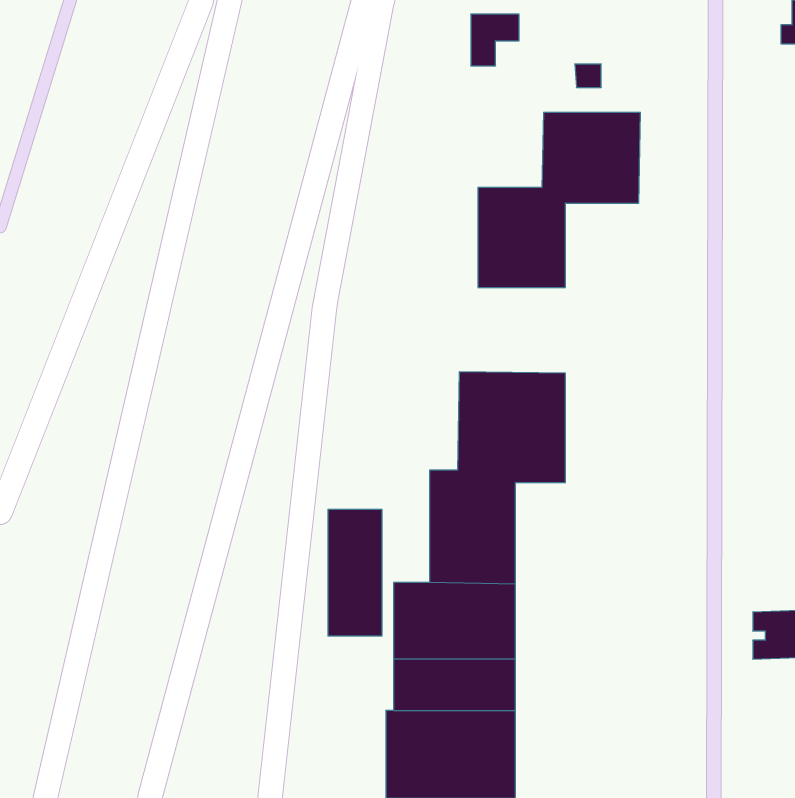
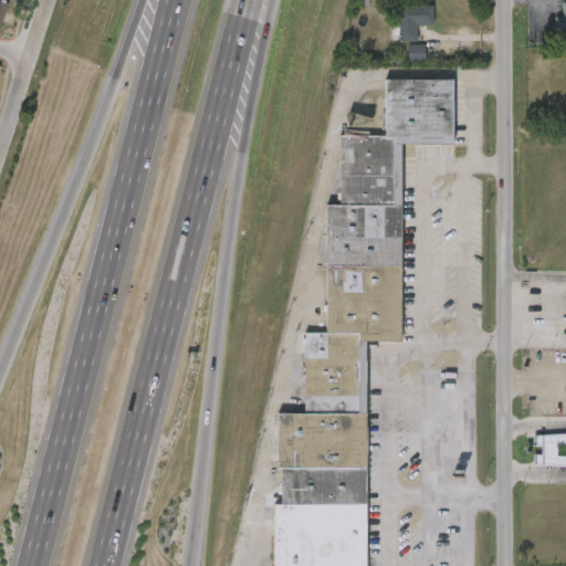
building: [471,14,519,66] -> [398,7,432,43]
building: none -> [327,203,402,264]
building: [328,509,382,636] -> none

